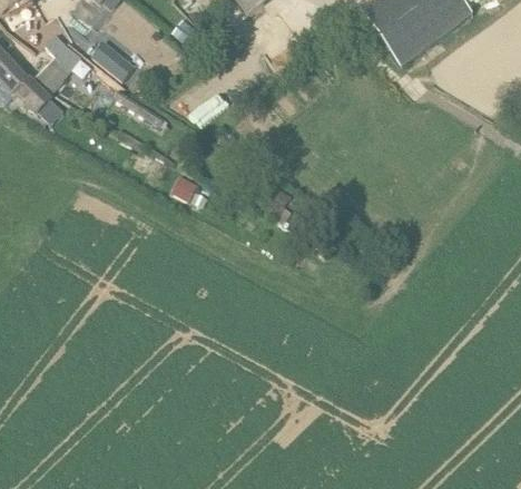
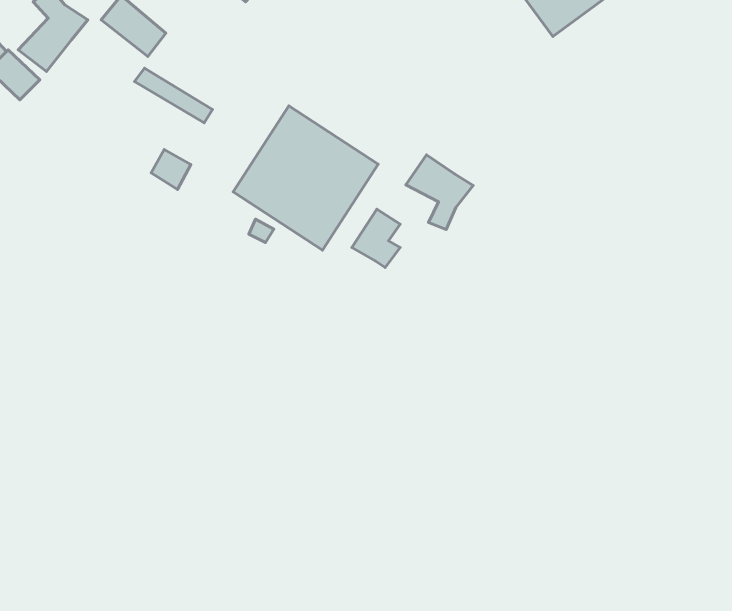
building: none -> [233,106,378,250]
building: none -> [406,155,473,230]

